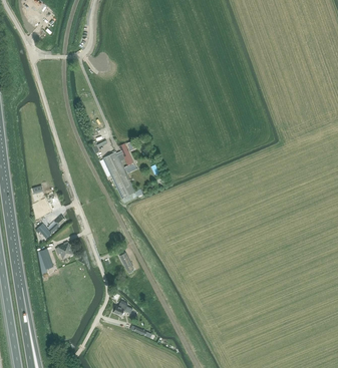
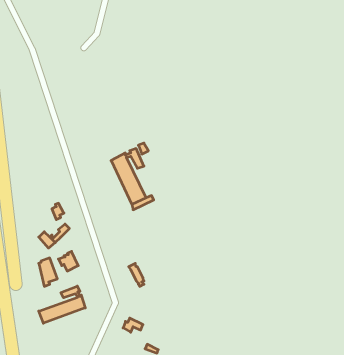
building: none -> [39,286,85,323]

